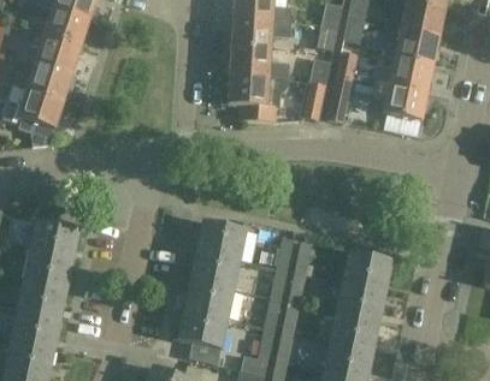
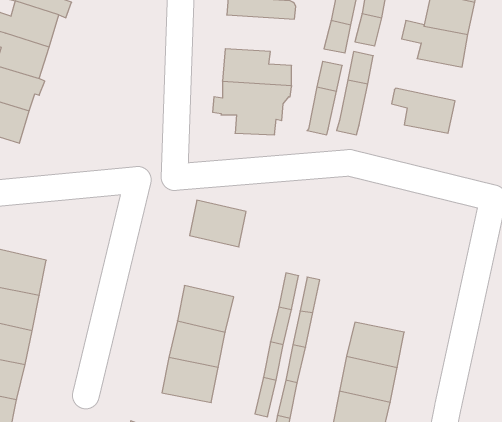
building: [231,20,290,52] -> none
building: [373,58,433,94] -> none
building: [196,221,244,261] -> [190,200,246,247]
building: [342,252,390,291] -> none

